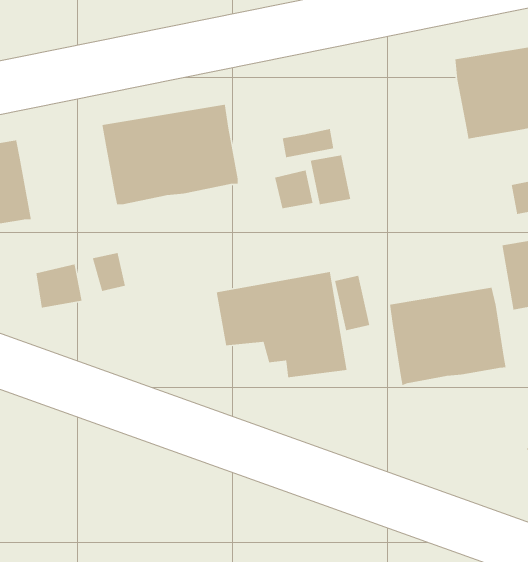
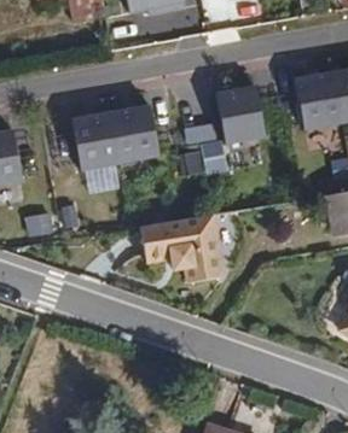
building: none -> [219,89,267,147]
building: [389,287,506,386] -> none

